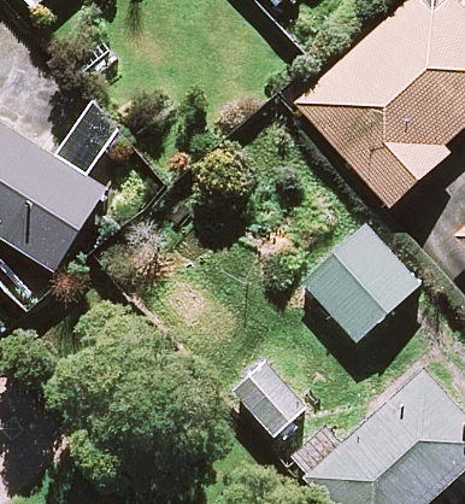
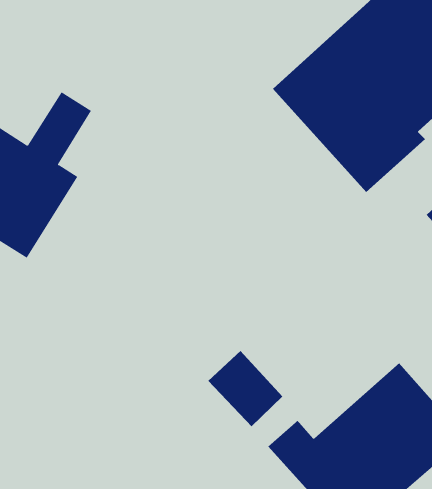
building: [301,225,417,341] -> none

